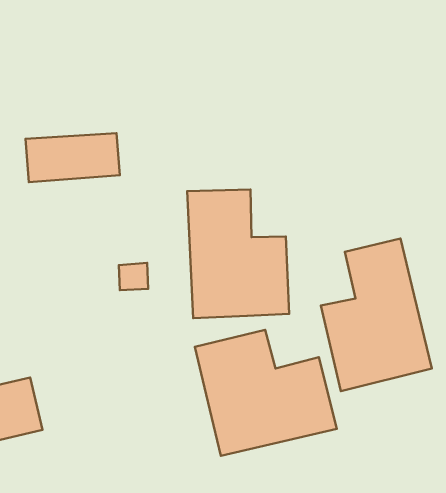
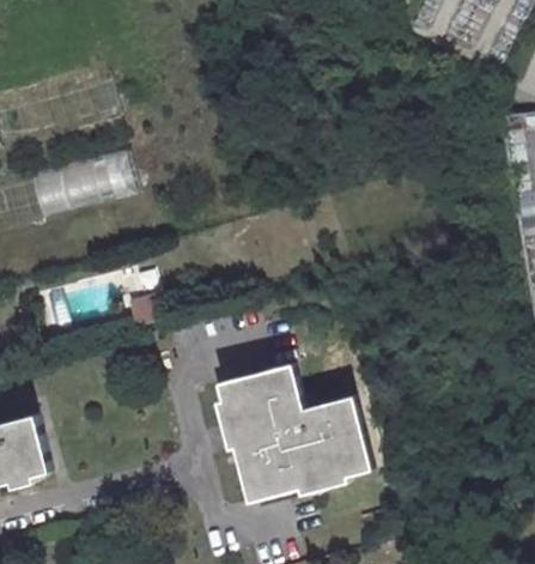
building: [187,189,289,318] -> none
building: [321,239,432,391] -> none

